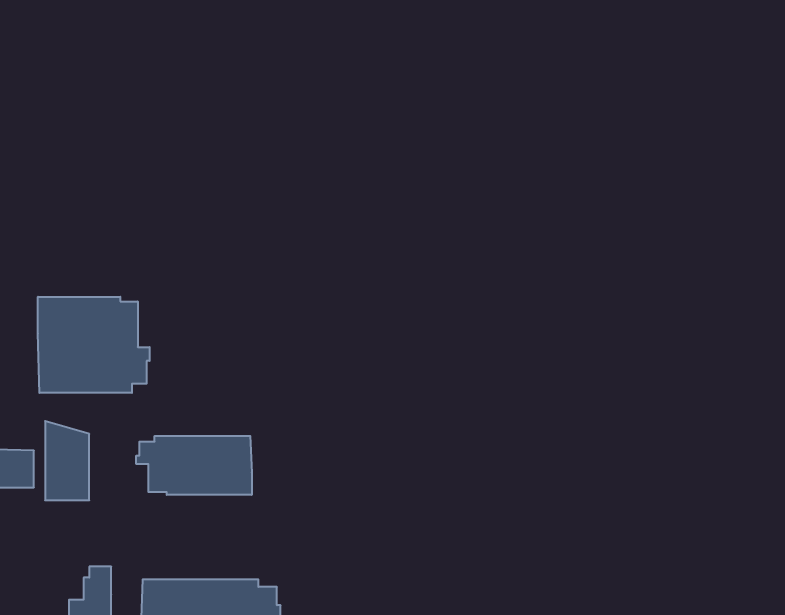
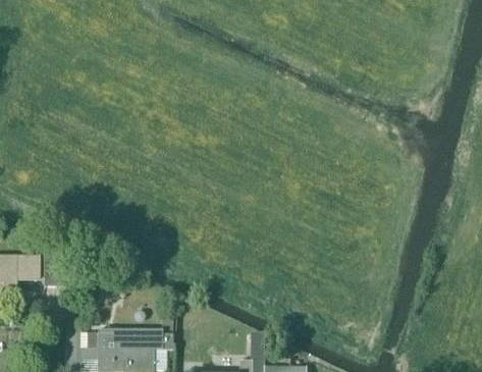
building: [38,297,150,393] -> none
building: [136,436,252,495] -> none

